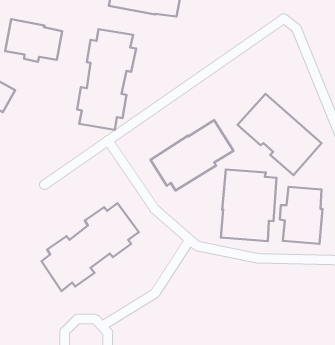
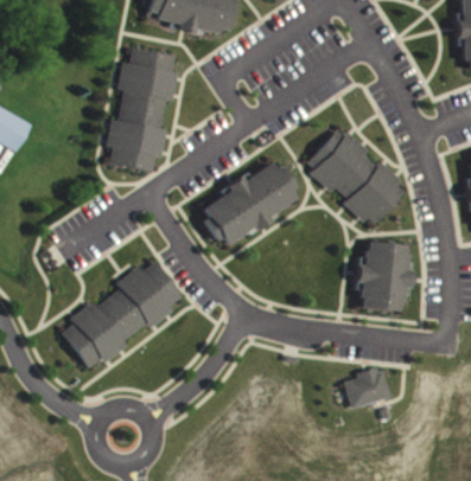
building: [5,19,62,62] -> none
building: [221,169,277,241] -> none
building: none -> [344,367,389,409]

